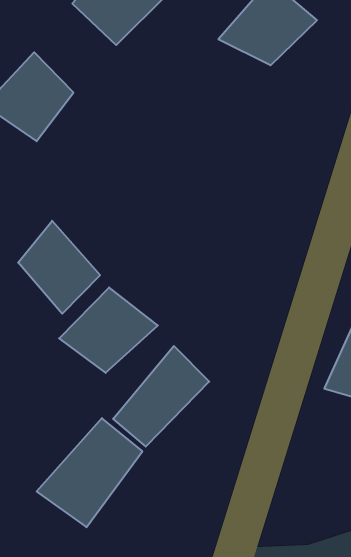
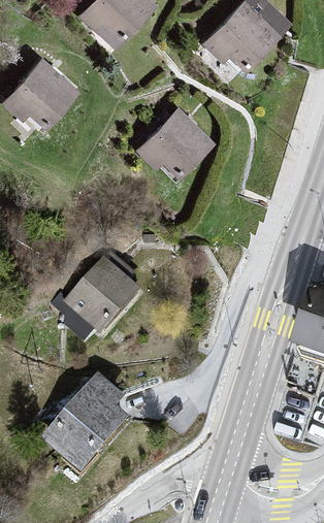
building: none -> [128,101,212,175]
building: [18,221,100,314] -> none
building: [113,346,209,447] -> none

